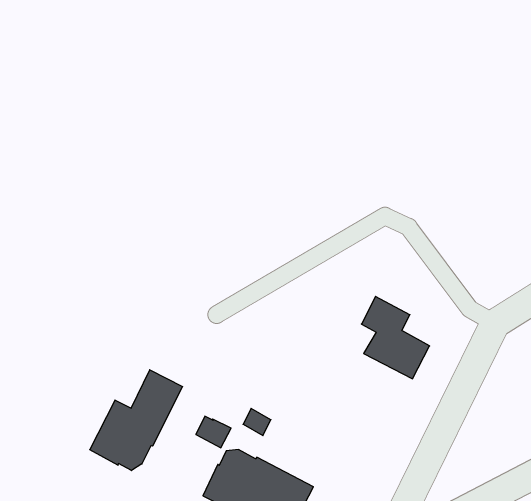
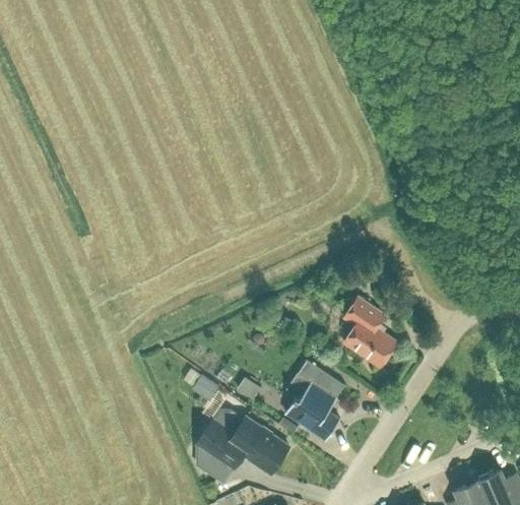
building: [90,370,183,471] -> none
building: none -> [284,360,345,441]

